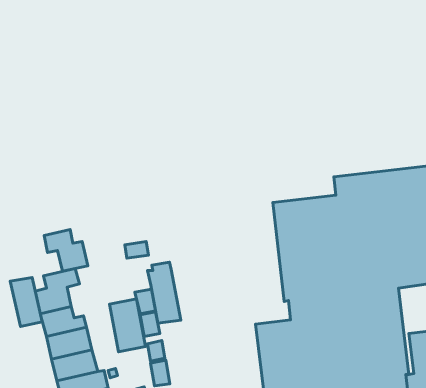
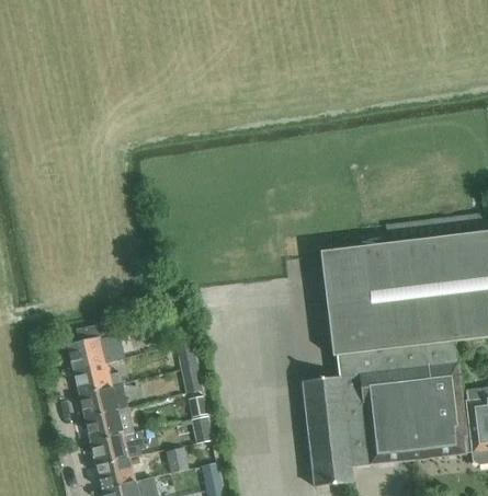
building: [44,230,88,271] -> none
building: [147,262,181,323] -> none
building: [10,278,42,327] -> none
building: [109,299,146,352] -> none

